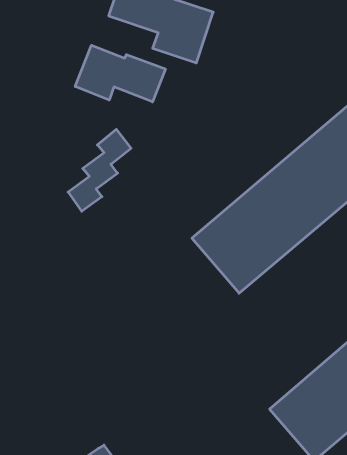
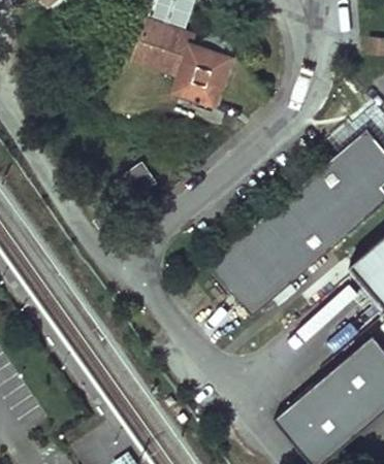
building: [75,45,165,102] -> none

